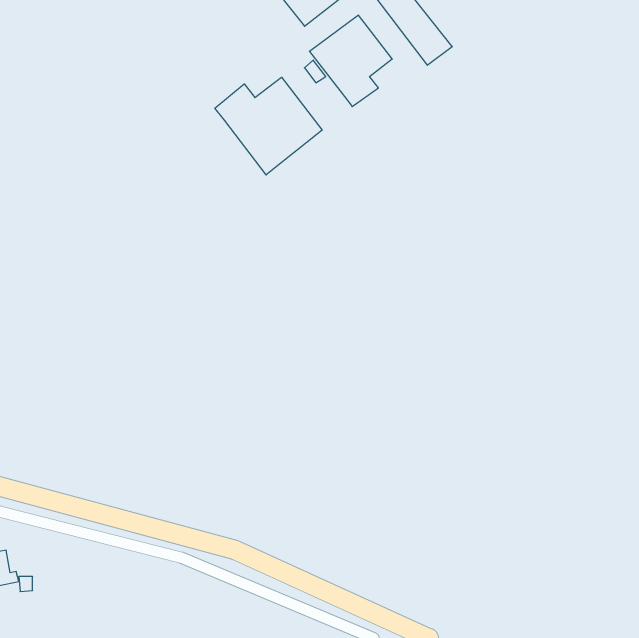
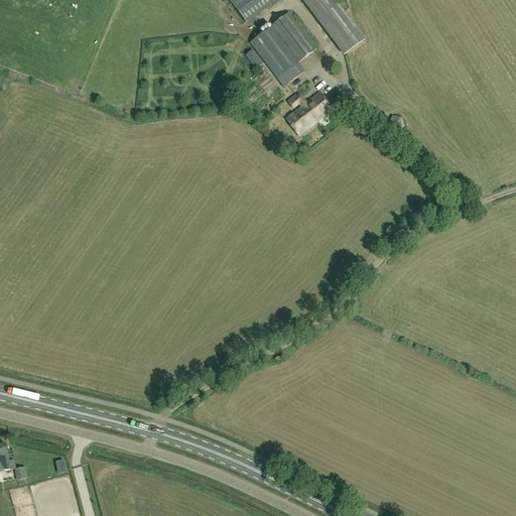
building: [215,77,322,175] -> none
building: none -> [283,91,331,133]

